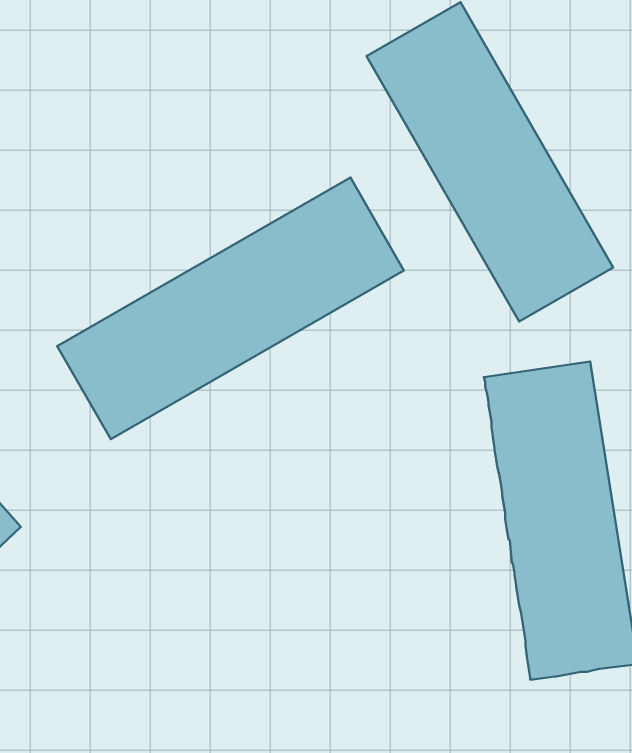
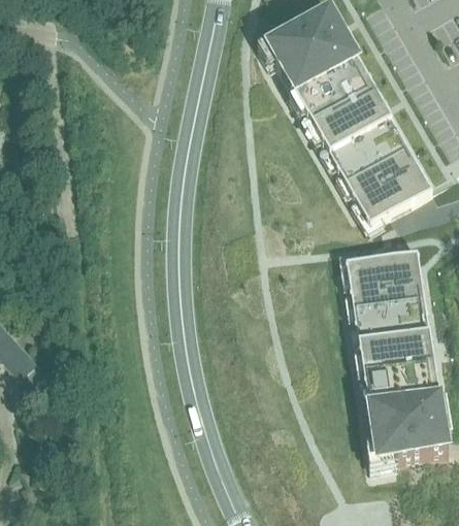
building: [57,178,404,439] -> none

